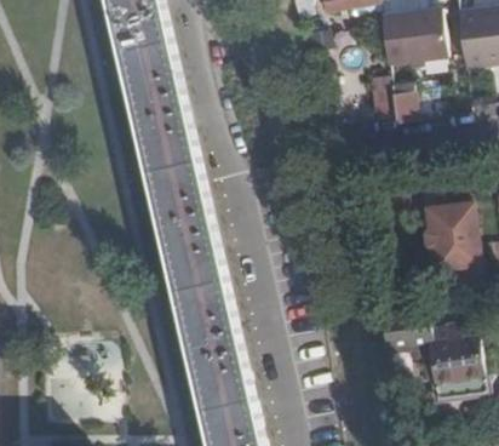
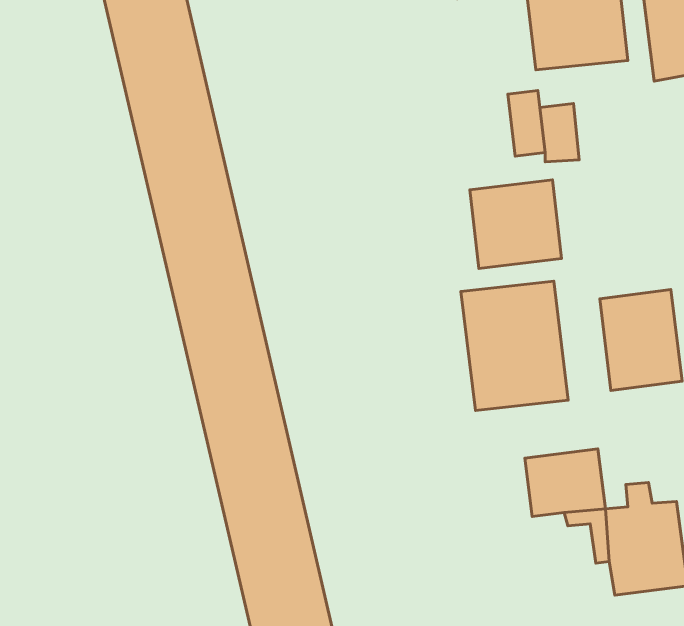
building: none -> [470,180,561,268]
building: none -> [461,281,568,411]

